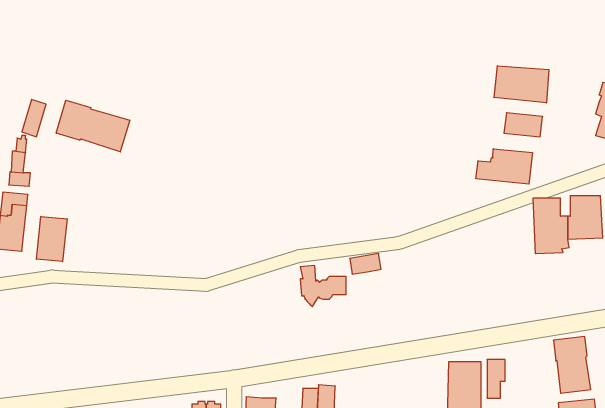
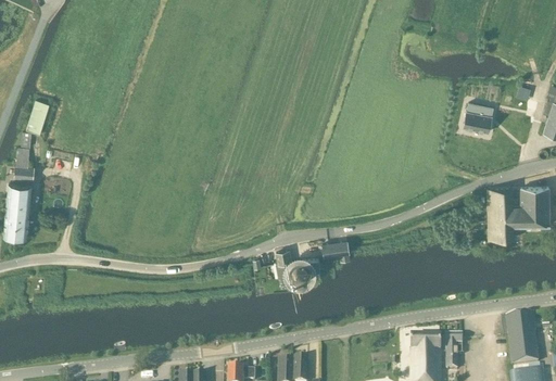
building: [494,66,549,103] -> none
building: [56,100,130,152] -> none
building: [476,149,532,184] -> none
building: [36,216,67,262] -> none

